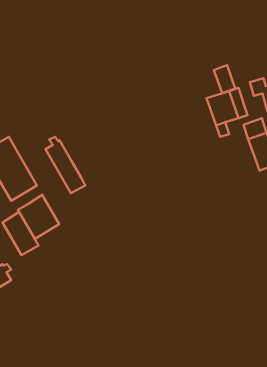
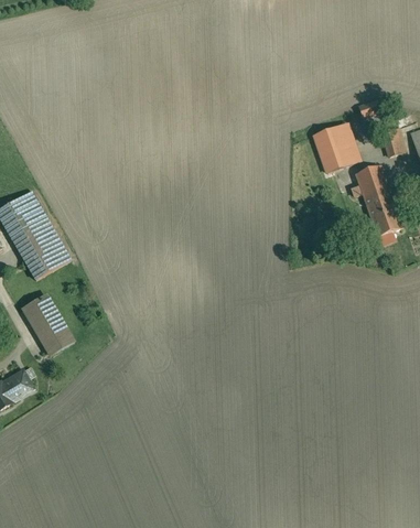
building: [214,65,235,93] -> none
building: [46,137,85,193] -> none
building: [18,195,59,239] -> none

